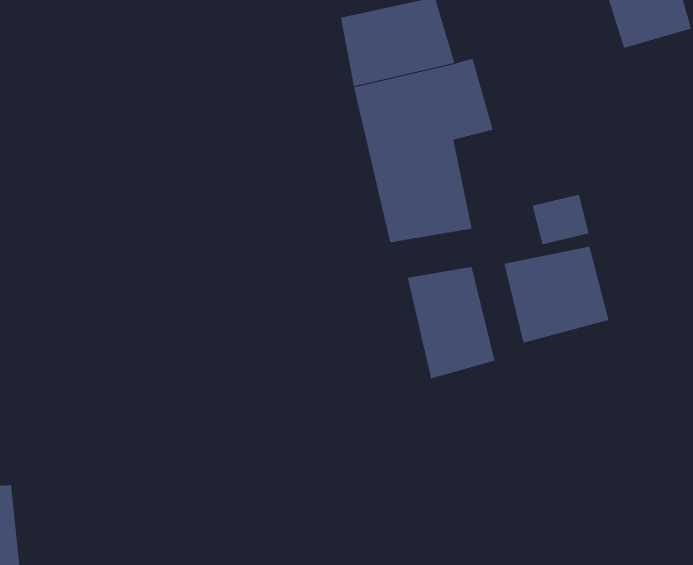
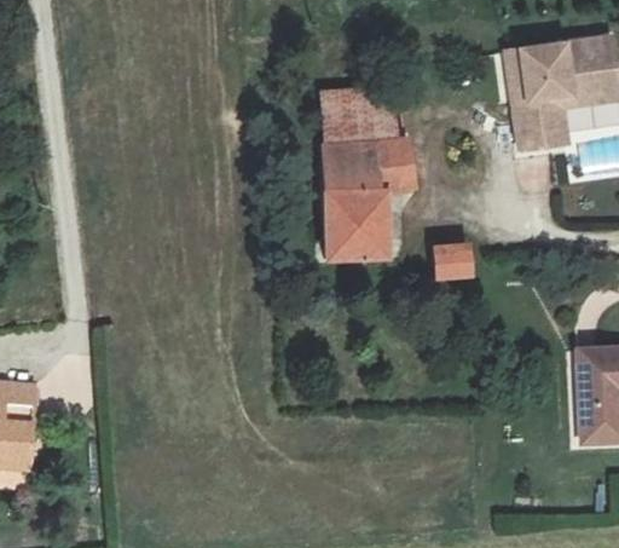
building: [504,246,609,343] -> none
building: [407,266,495,379] -> none

